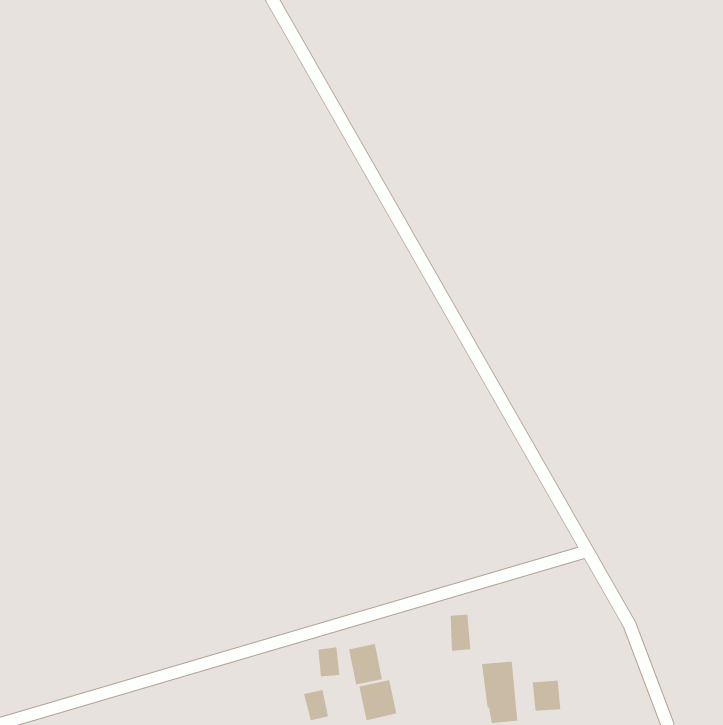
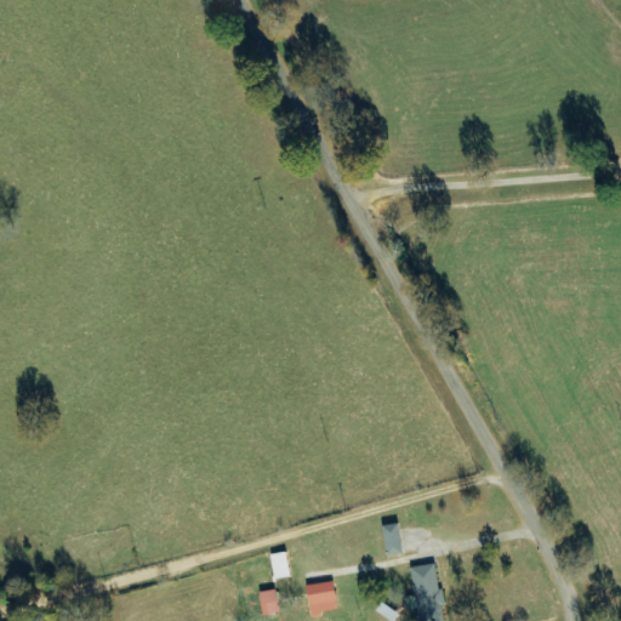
building: [349,643,382,685] -> none
building: [532,680,561,712] -> none

